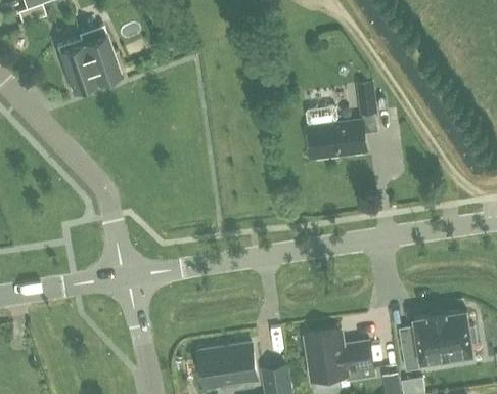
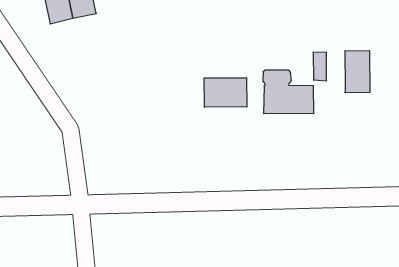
building: none -> [345,51,370,93]
building: none -> [204,78,247,107]

